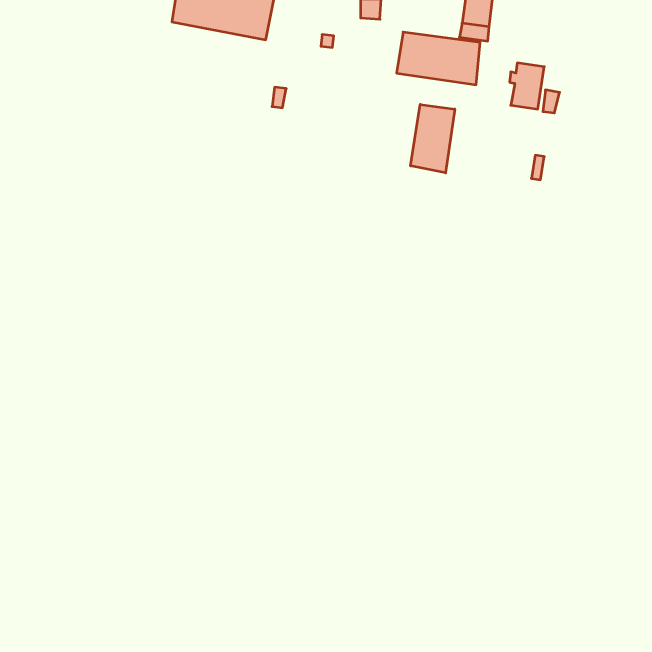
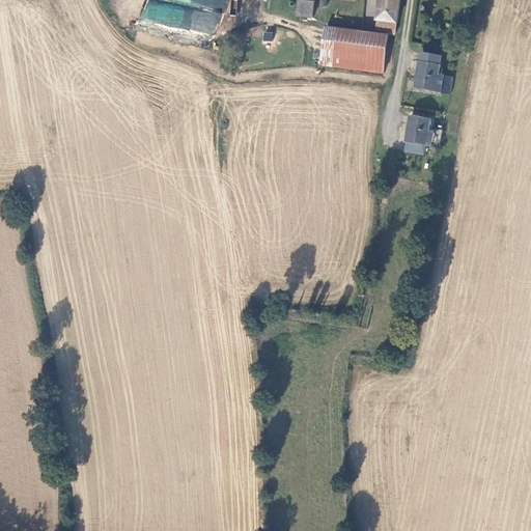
building: [411,104,455,173] -> none
building: none -> [407,113,431,143]

